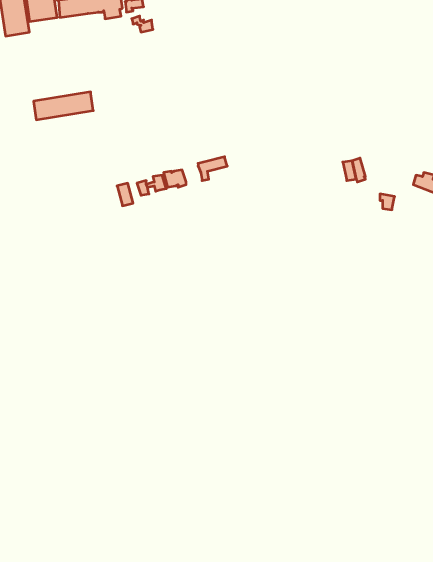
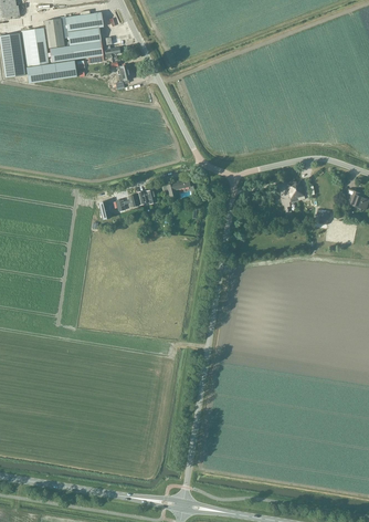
building: [34,92,93,120] -> [28,60,77,83]

